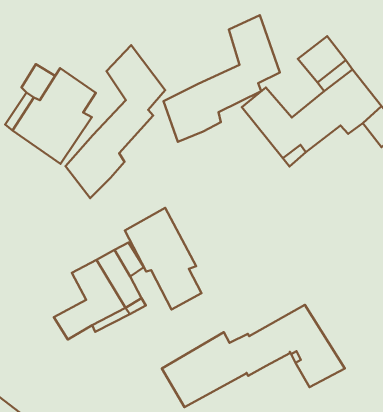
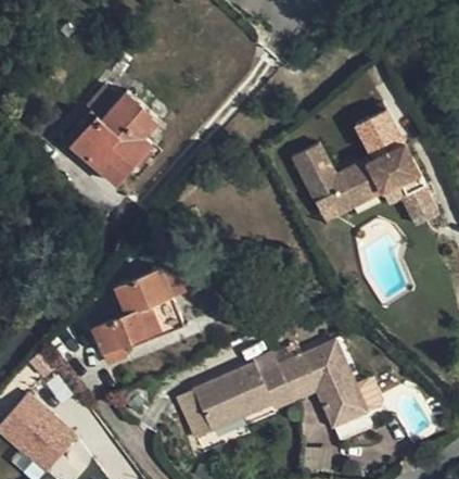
building: [163,15,280,142] -> none
building: [66,45,165,198] -> none
building: [125,208,202,310] -> none

